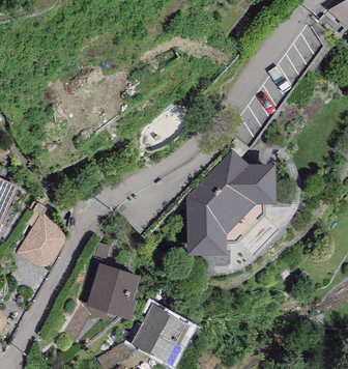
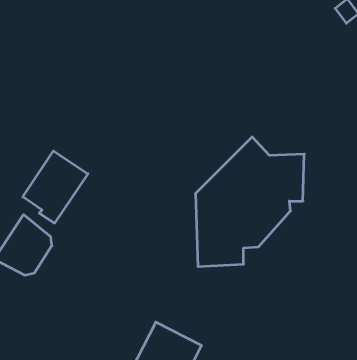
building: none -> [23,151,88,223]
building: [85,263,141,320] -> none

